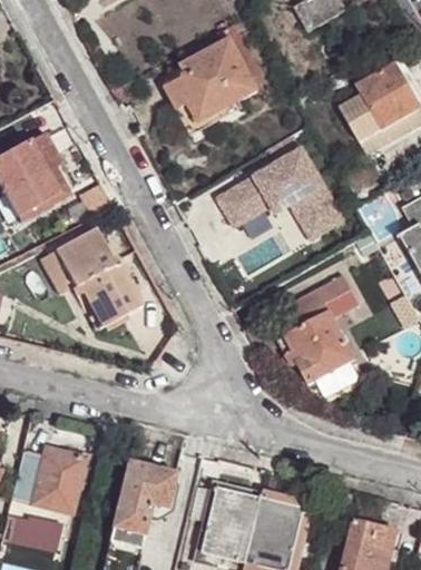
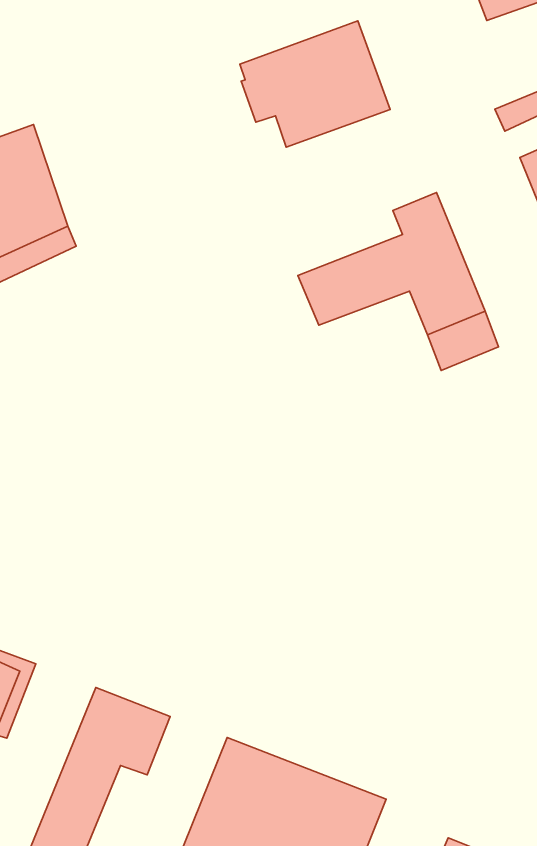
building: [51,226,141,322] -> none
building: [277,275,361,384] -> none

